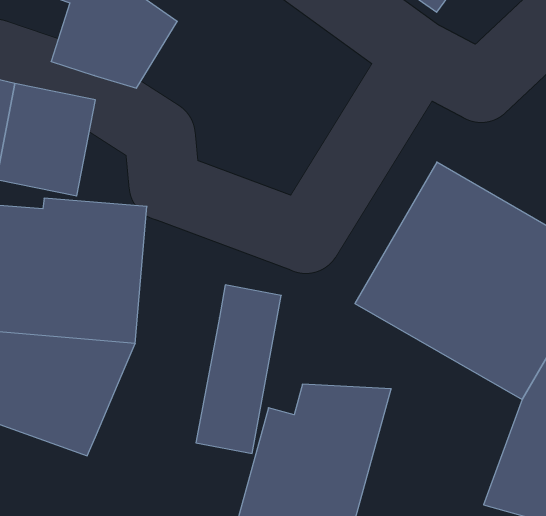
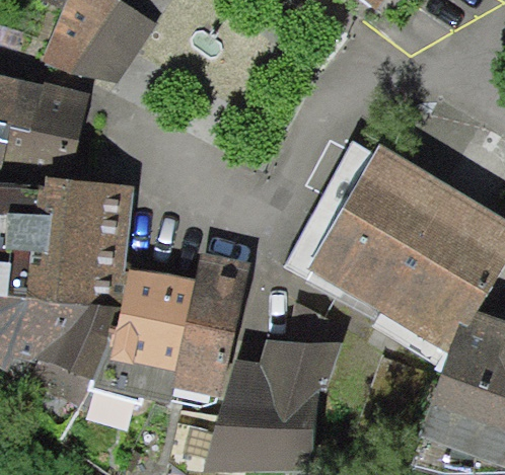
building: none -> [84,268,192,401]

